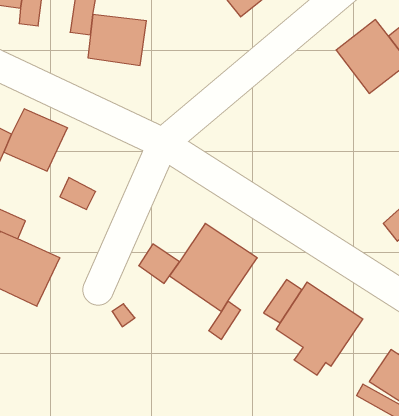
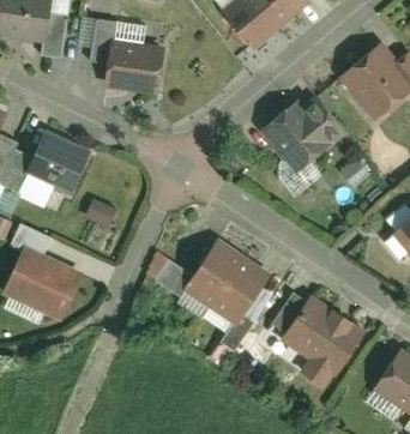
building: none -> [261,98,344,171]

